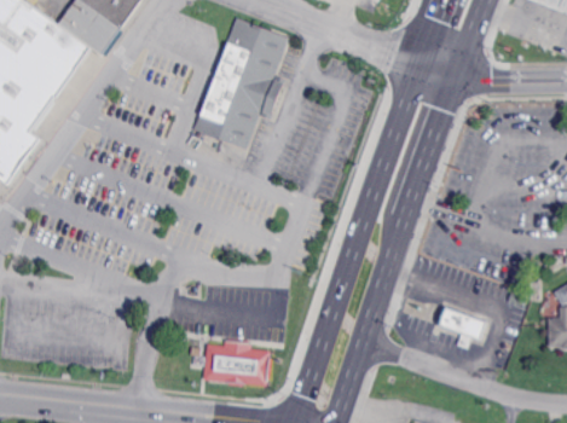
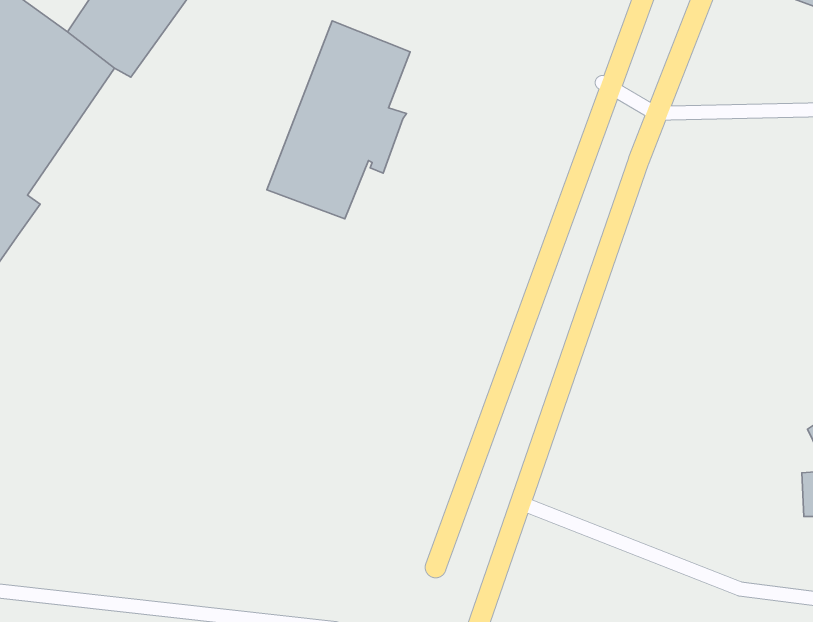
building: [440,308,486,341] -> none
building: [202,341,268,384] -> none

